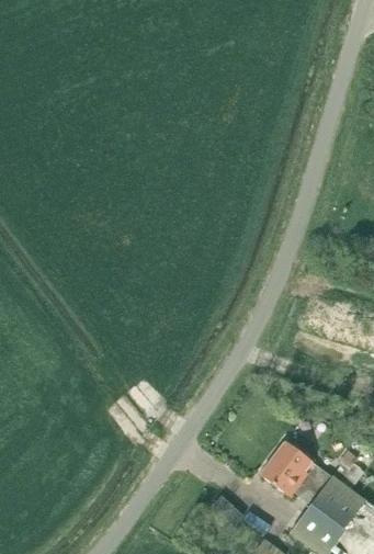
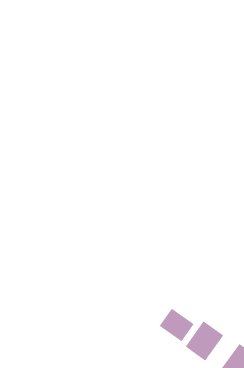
building: none -> [159,308,194,342]

